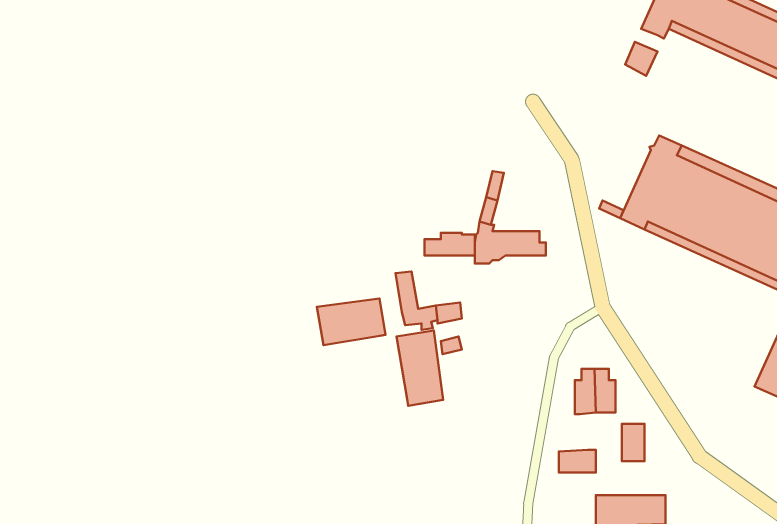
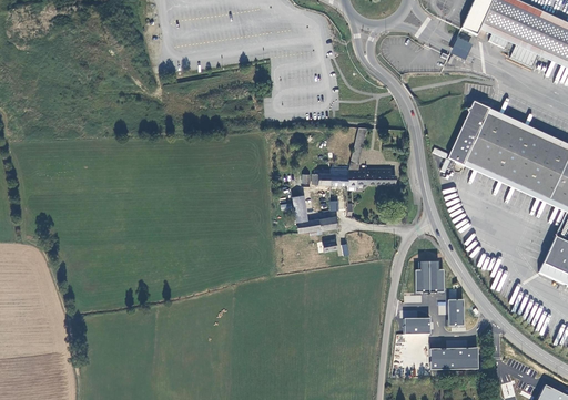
building: [317,299,386,345] -> none
building: [397,330,443,406] -> none

